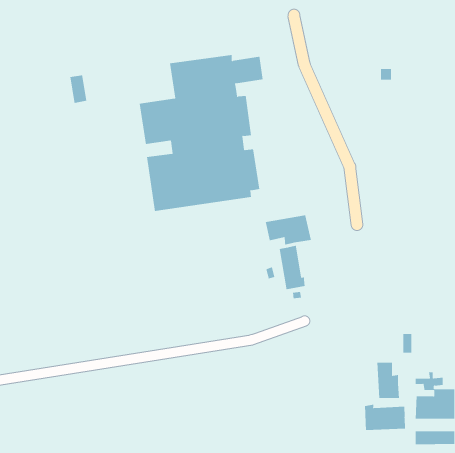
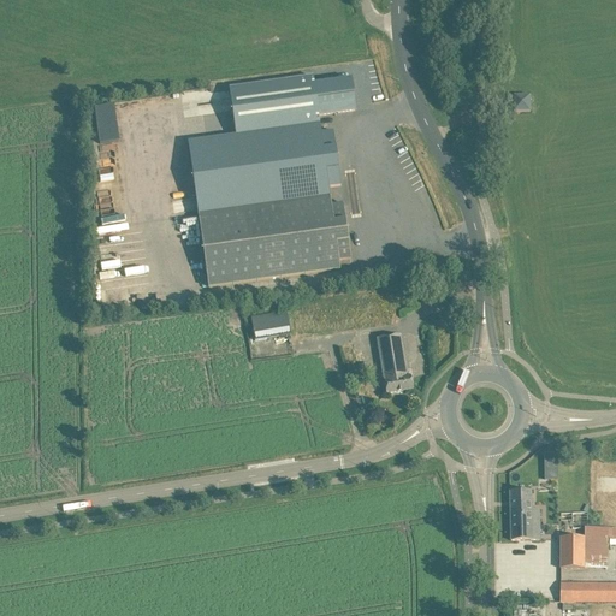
building: [265,214,311,246] -> none
building: none -> [250,309,292,339]
building: [365,404,405,431] -> none

